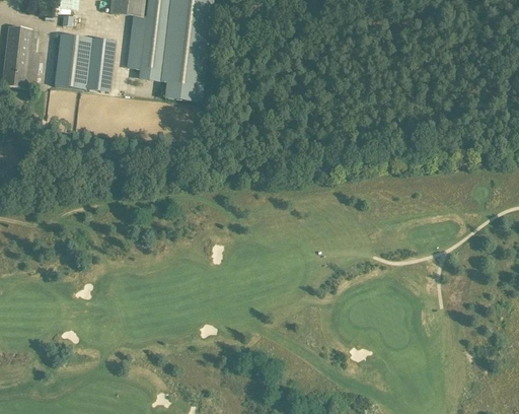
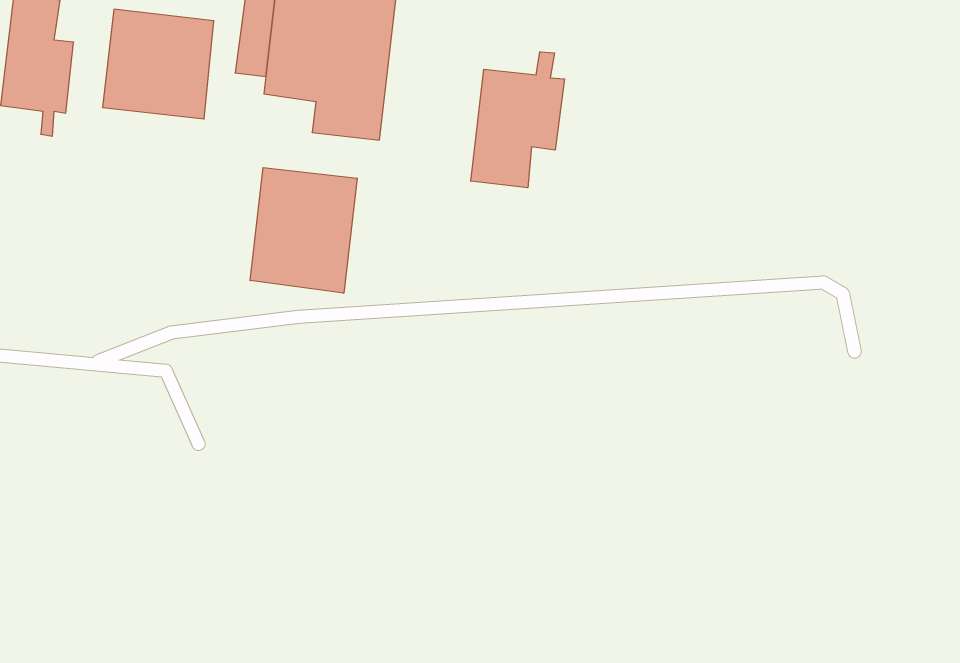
building: none -> [471,52,564,188]
building: none -> [250,168,357,293]

